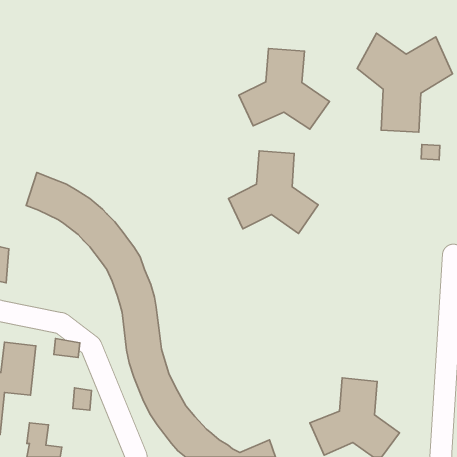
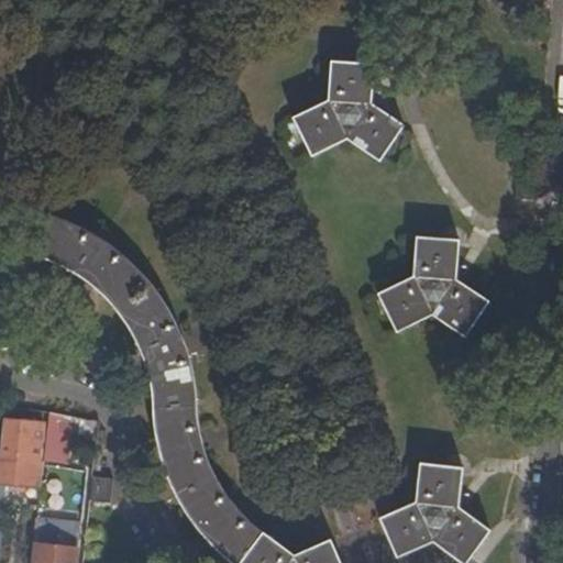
building: [357,33,452,132] -> none
building: [229,151,318,233] -> [378,235,488,336]

